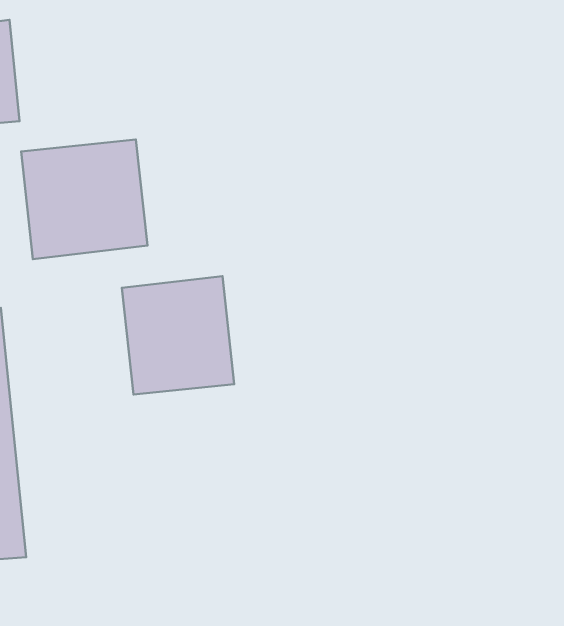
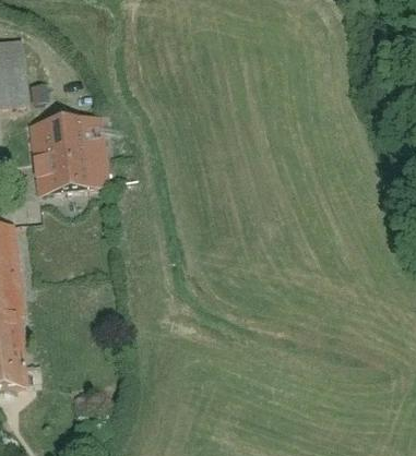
building: [122,276,234,394] -> none

